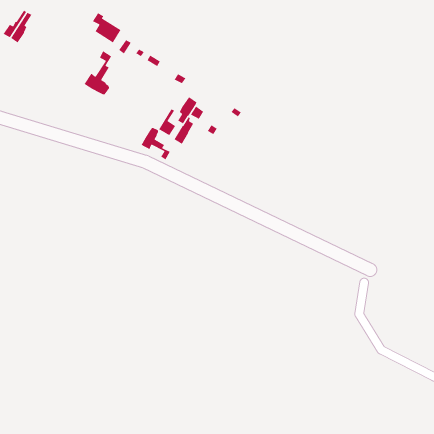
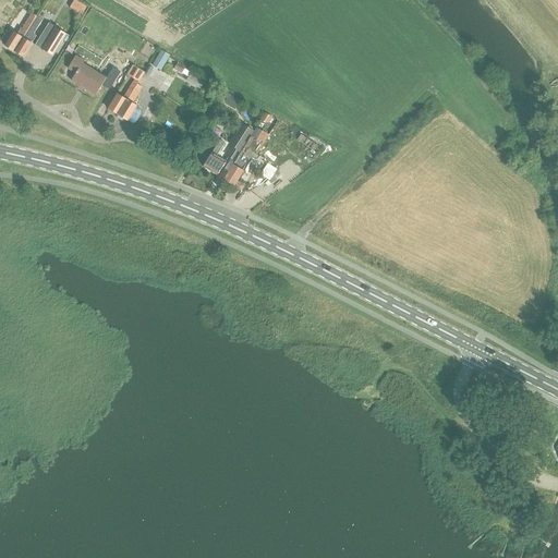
building: [92,12,122,44] -> [68,54,106,95]
building: none -> [34,22,65,54]
building: [140,127,171,160] -> none

